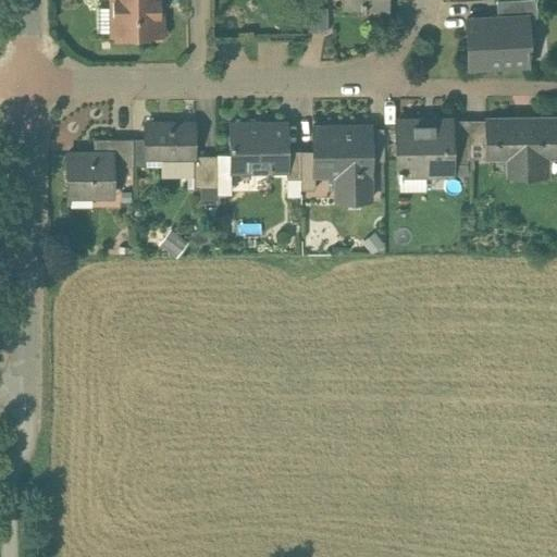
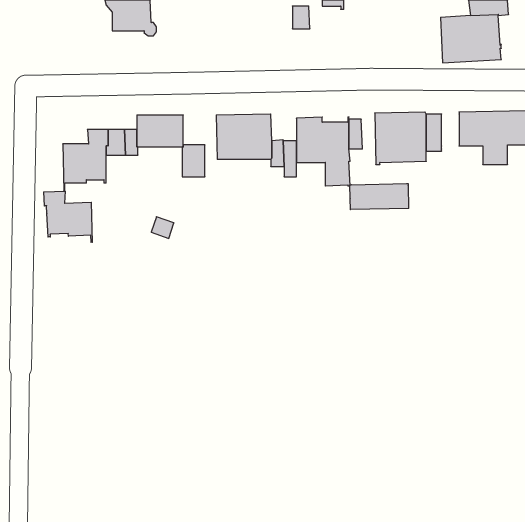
building: [468,124,486,158] -> none
building: none -> [350,184,409,210]
building: none -> [44,191,92,242]

